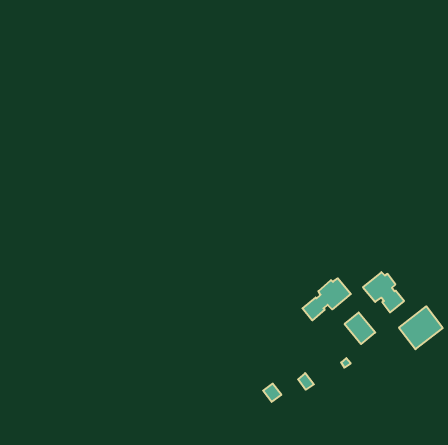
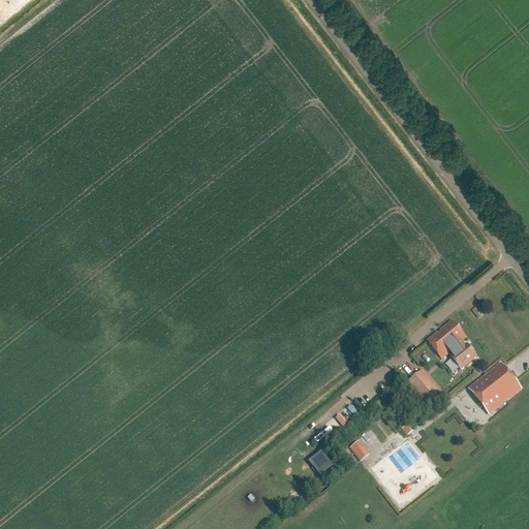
building: [302,278,351,320] -> none

